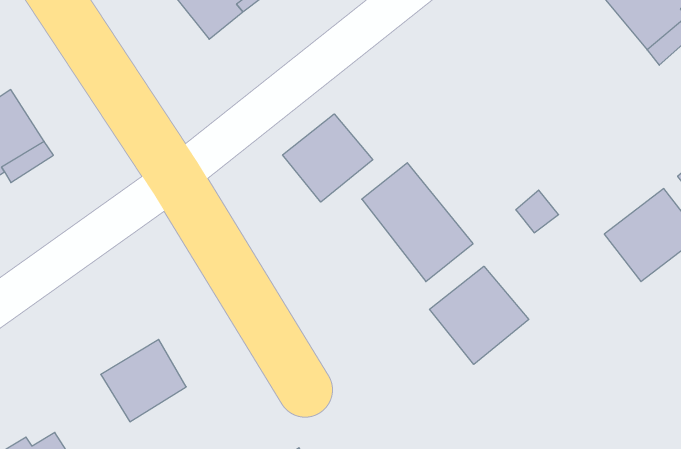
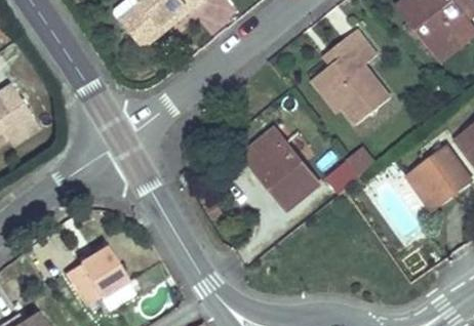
building: none -> [309,28,390,123]
building: [283,114,373,202] -> none
building: [430,266,529,364] -> none

